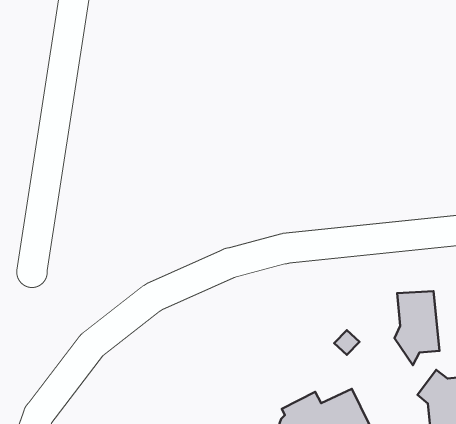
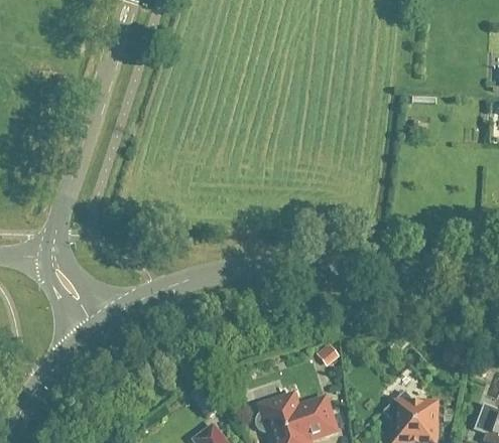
building: [394,291,439,365] -> none

